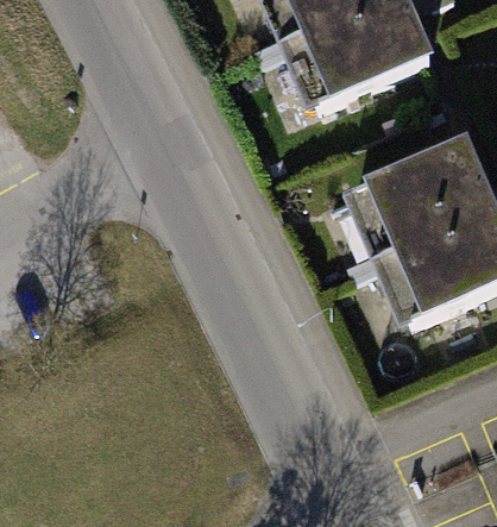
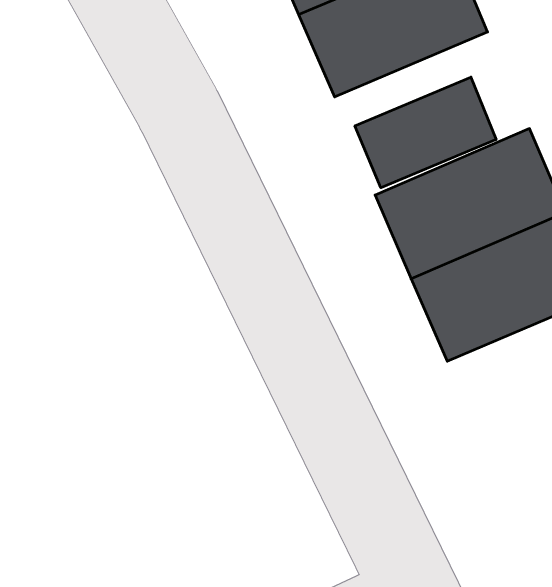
building: none -> [355,77,496,188]

